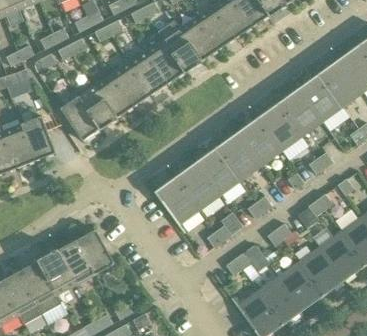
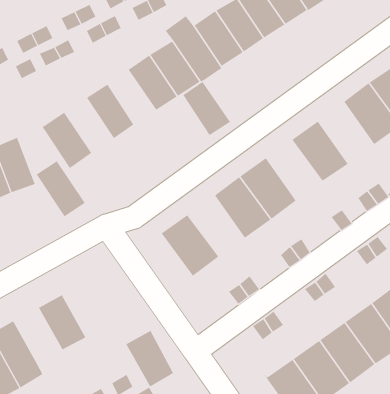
building: [112,63,150,106] -> [183,81,231,136]
building: [78,85,118,130] -> [36,160,86,217]
building: [278,88,322,137] -> none
building: [237,118,281,166] -> none
building: [175,162,220,210] -> none
building: [76,229,114,274] -> [126,330,174,387]
building: [37,249,76,295] -> none

